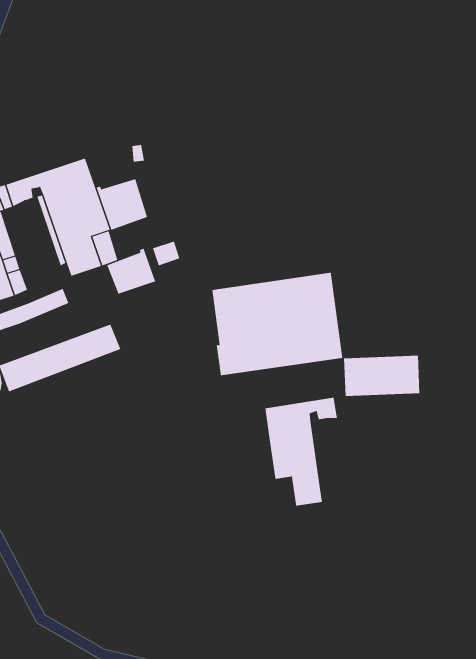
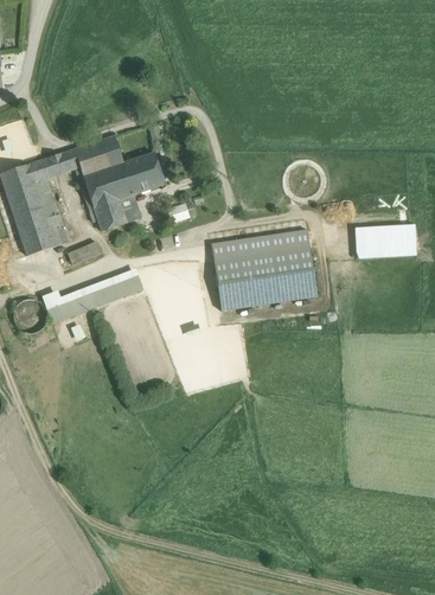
building: [106,248,156,295] -> none
building: [343,355,420,397] -> [357,224,418,257]
building: [265,397,337,507] -> none

